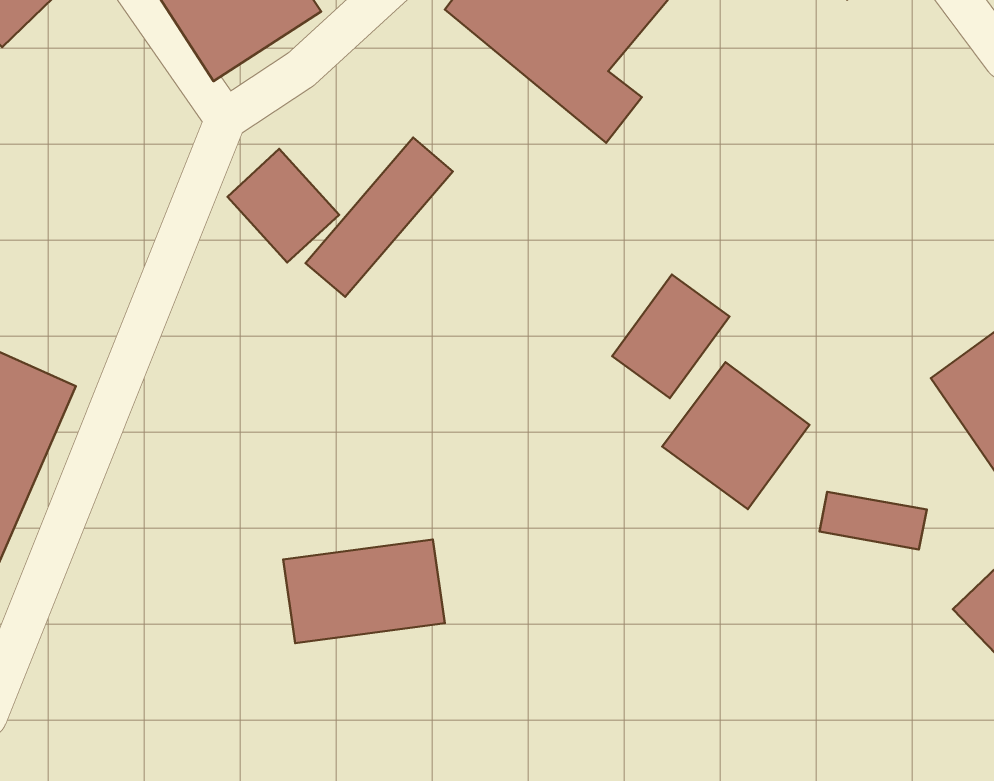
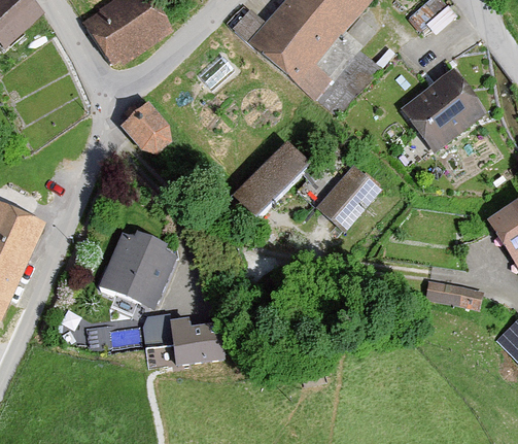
building: none -> [401,70,482,151]
building: [305,138,453,297] -> [229,140,305,223]
building: [662,362,809,509] -> none
building: none -> [99,229,179,311]

